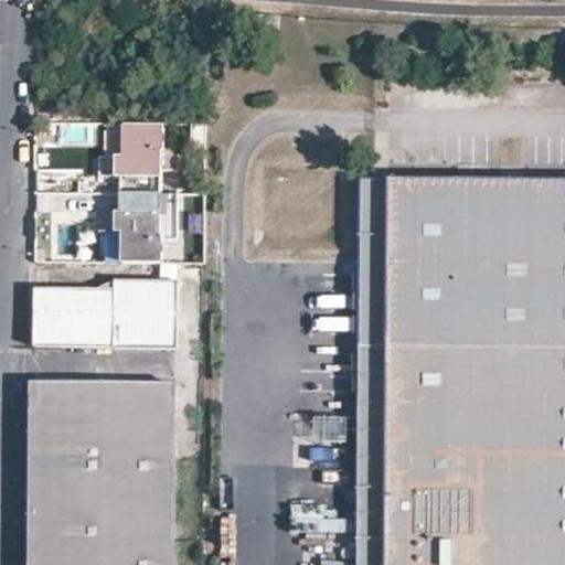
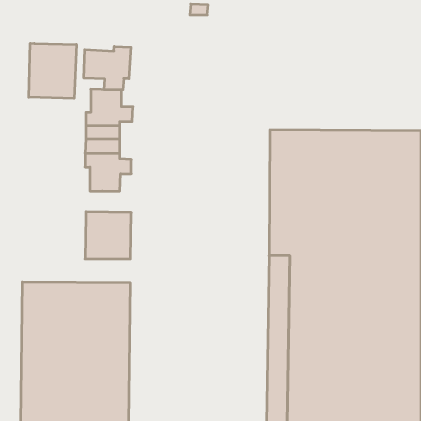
building: none -> [29,43,76,98]
building: none -> [84,46,131,90]
building: [35,290,115,348] -> none

